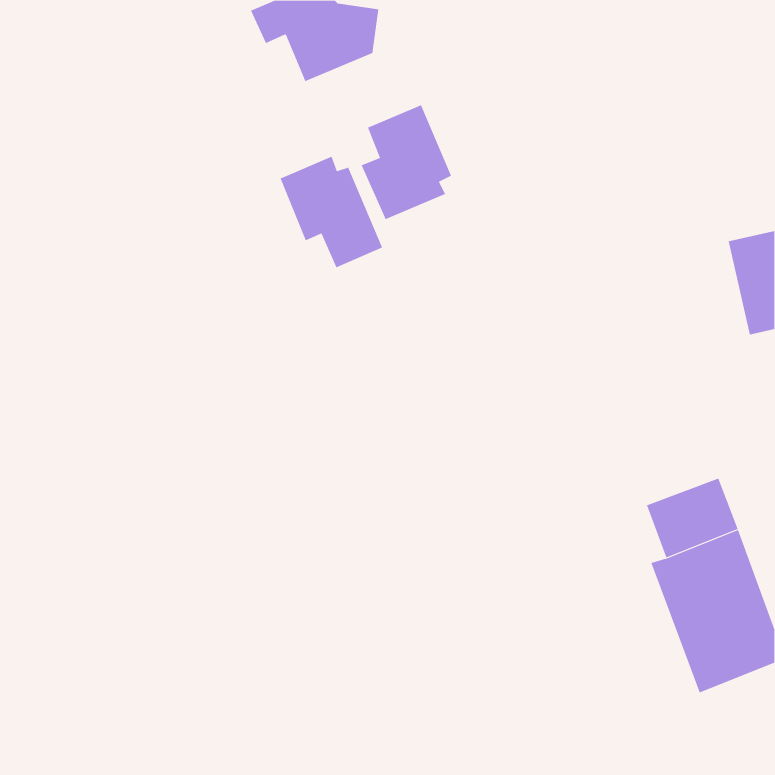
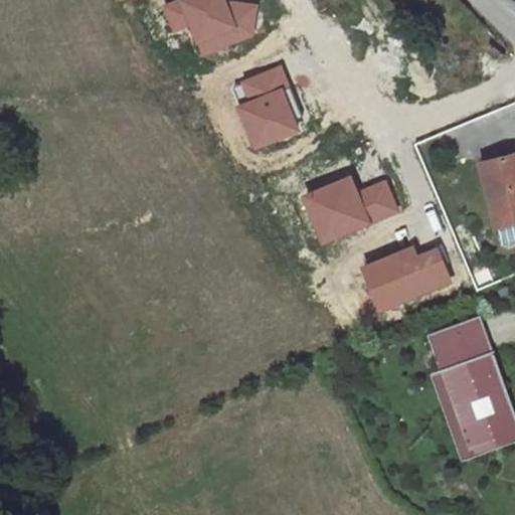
building: [280,156,383,268] -> none
building: none -> [305,179,396,240]
building: none -> [362,248,449,310]

